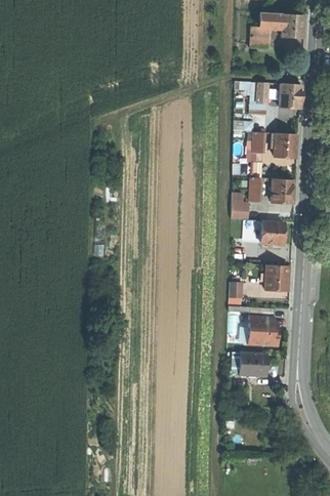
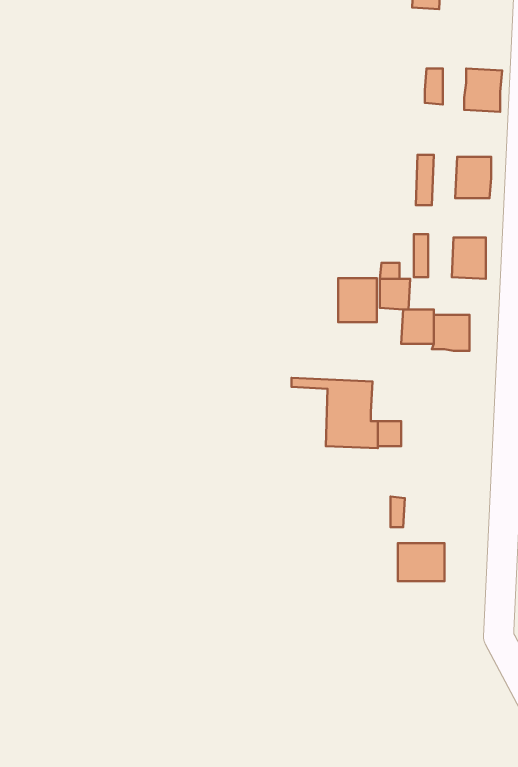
building: none -> [338,278,377,322]
building: [267,265,289,290] -> none
building: [231,306,280,346] -> [292,378,378,448]

